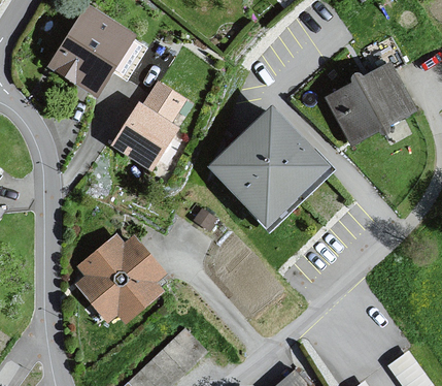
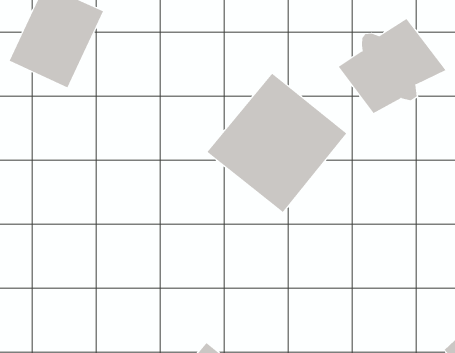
building: [108,74,198,176] -> none
building: [79,235,166,322] -> none

